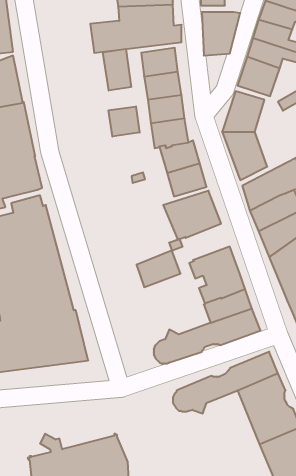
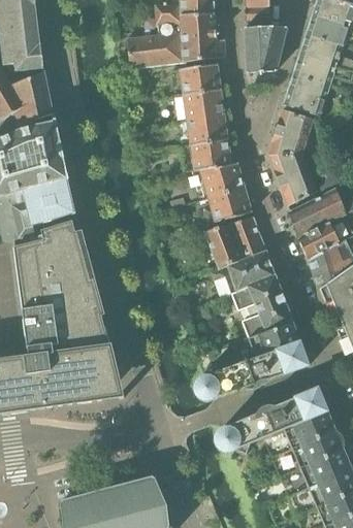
building: [103,49,131,91] -> none
building: [109,106,140,137] -> none
building: [136,250,181,287] -> [228,251,276,290]

